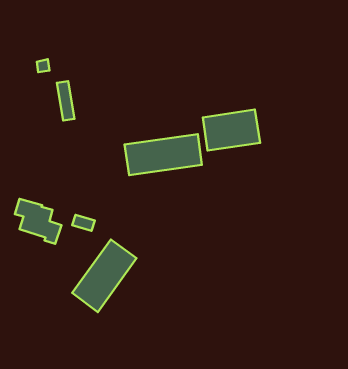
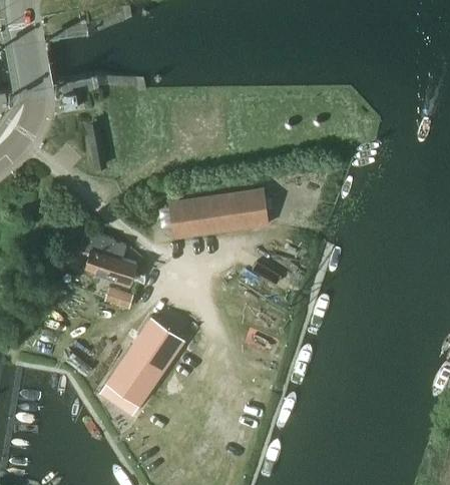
building: [203,110,260,150] -> none
building: [15,199,61,244] -> [78,230,136,287]

